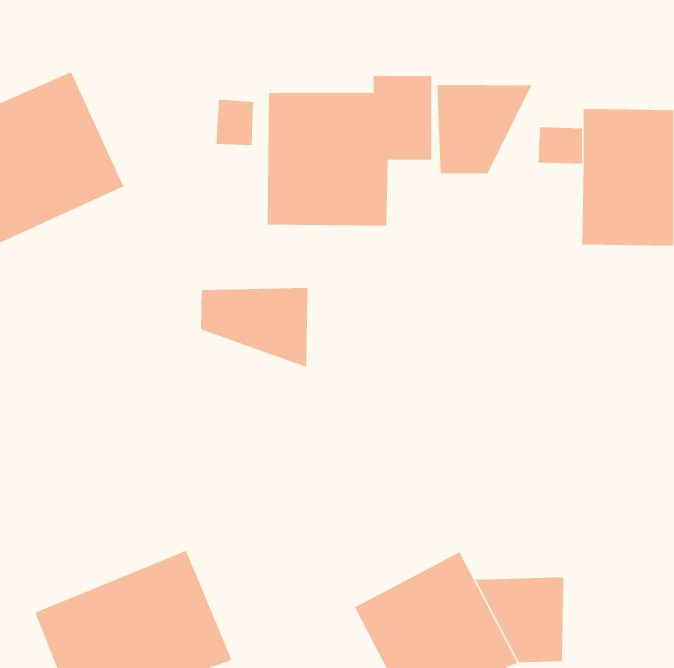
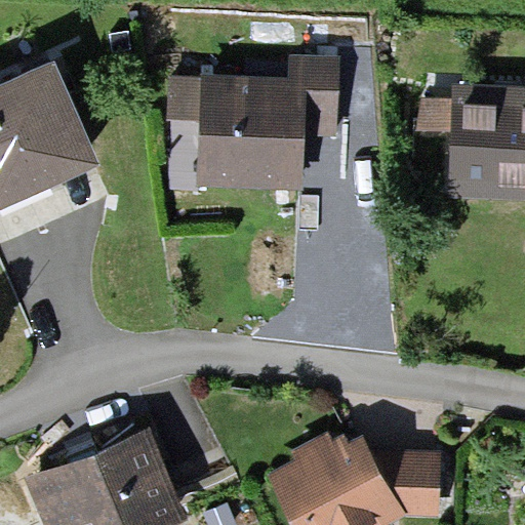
building: [437,84,532,174] -> none
building: [201,287,308,368] -> none

